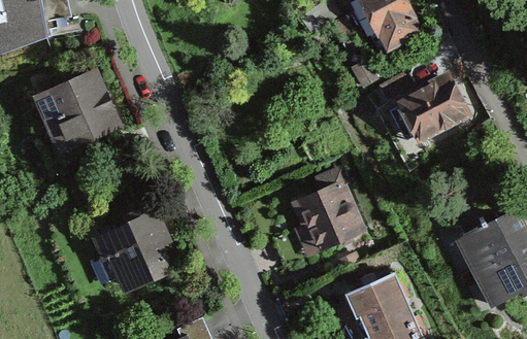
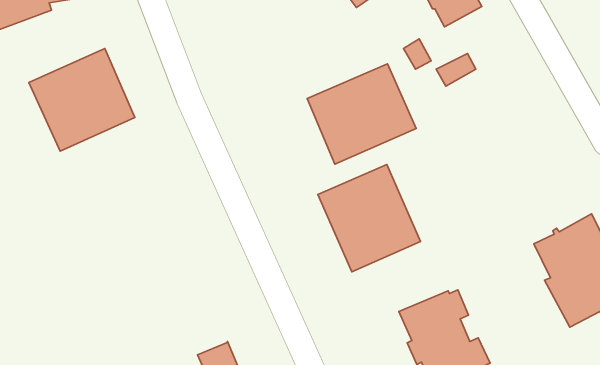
building: [398,78,463,138] -> none
building: none -> [307,64,416,164]
building: [97,209,174,295] -> none

